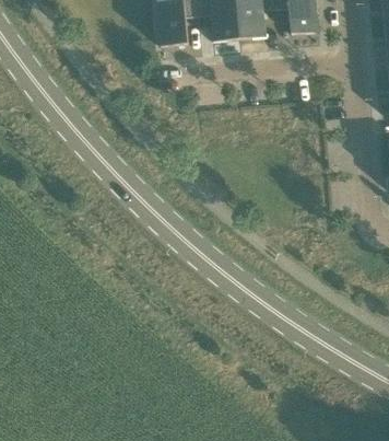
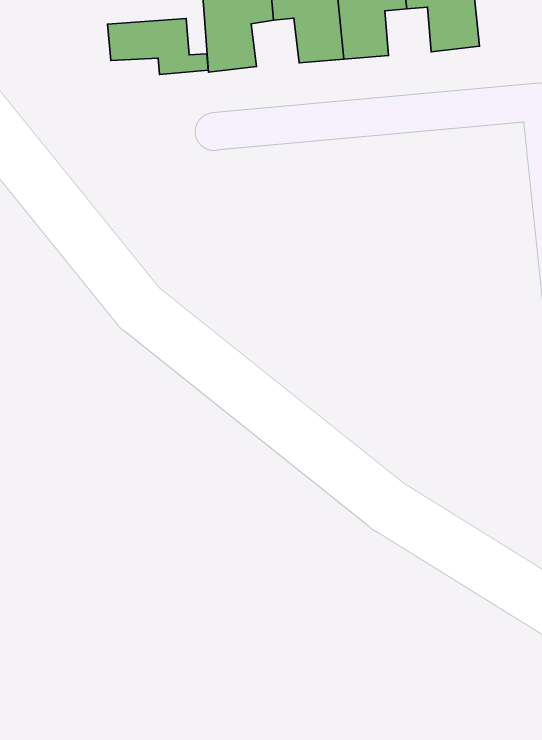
building: none -> [108,19,208,75]

